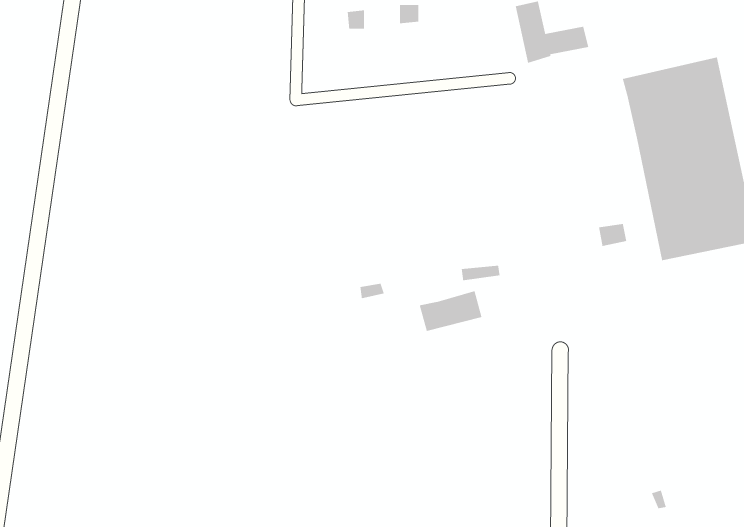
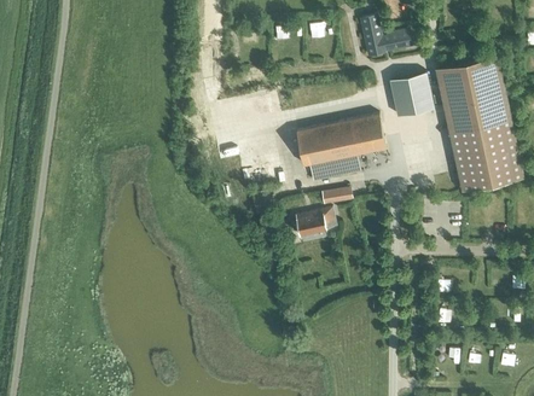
building: none -> [390,72,434,117]
building: none -> [295,113,388,182]

